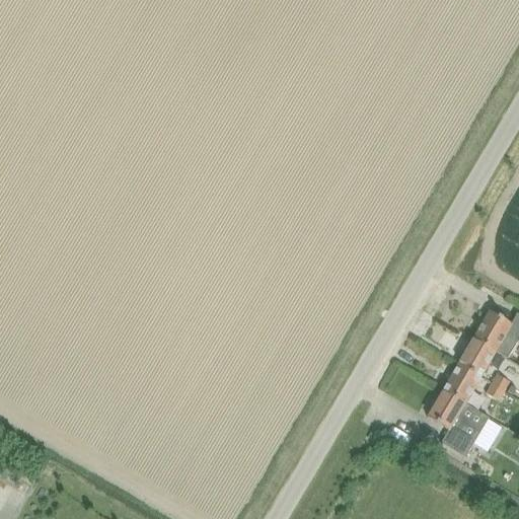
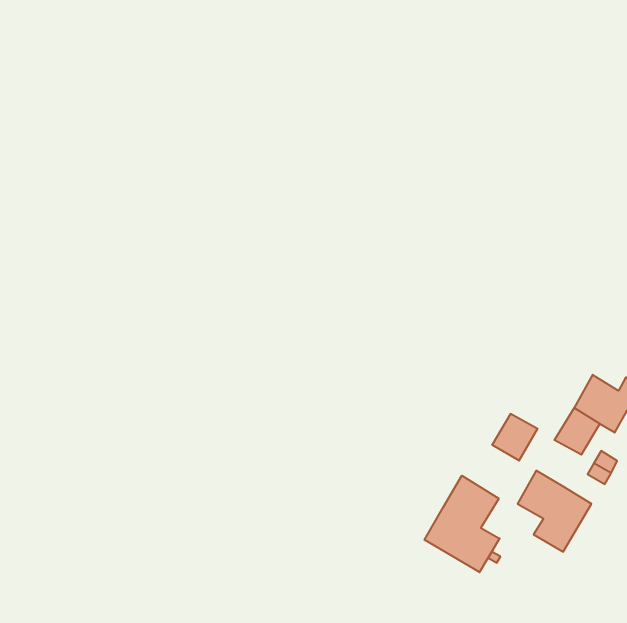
building: [443,363,480,401] -> [492,414,538,461]
building: none -> [425,476,500,572]

